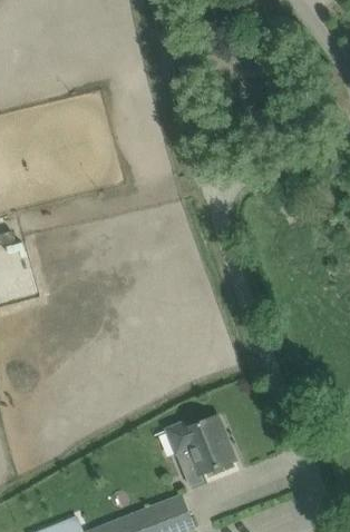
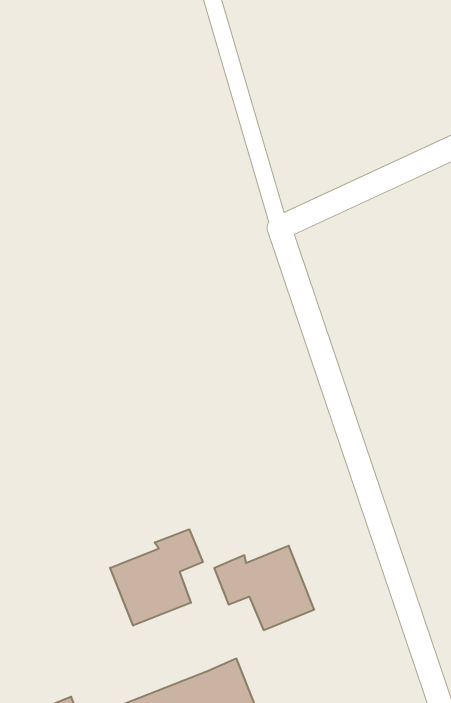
building: none -> [110,529,203,626]

